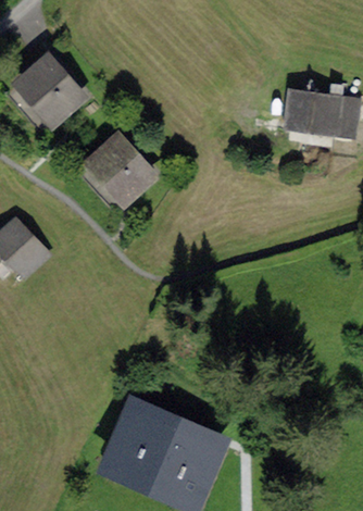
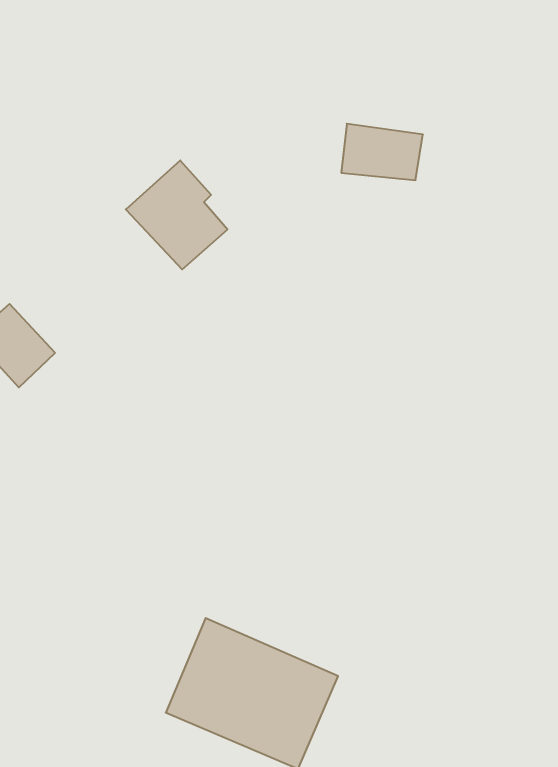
building: [21,57,78,120] -> none
building: [291,96,340,129] -> [341,124,423,180]

